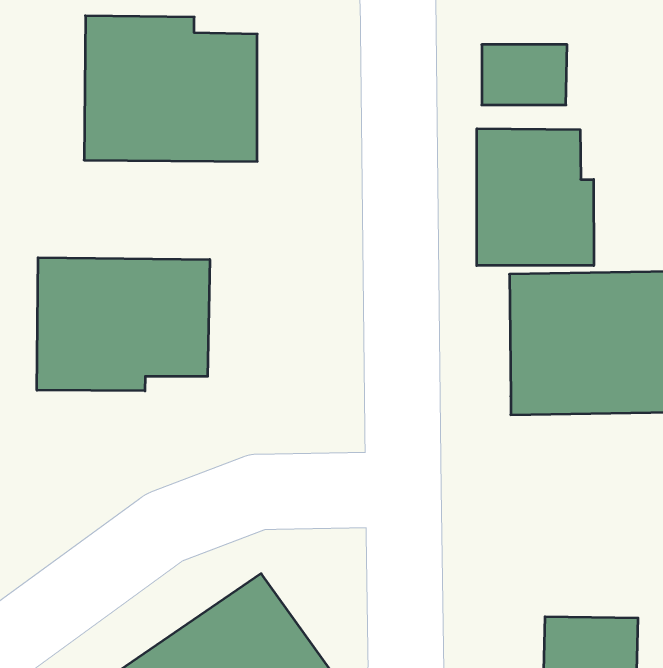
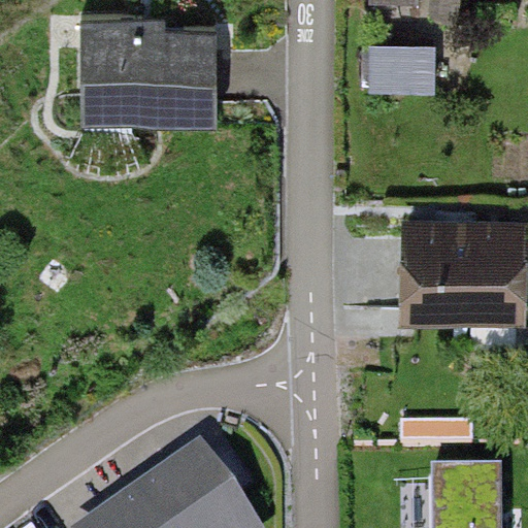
building: [477,129,594,266] -> none
building: [37,258,210,391] -> none

